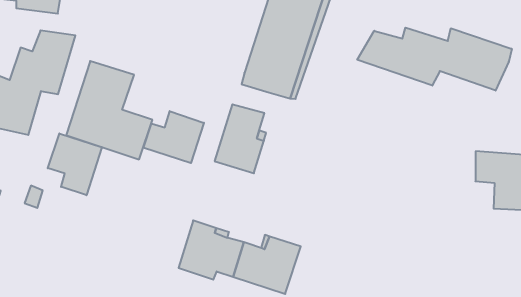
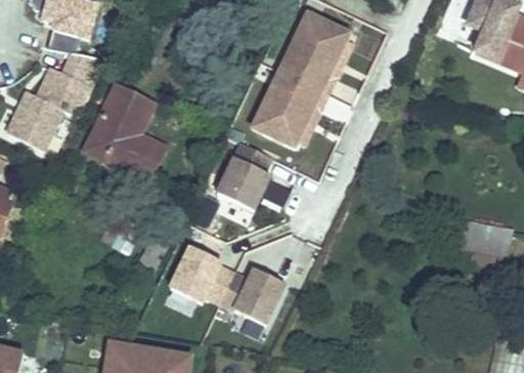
building: [357,28,512,91] -> none
building: [144,111,204,163] -> none
building: [48,133,102,195] -> none

